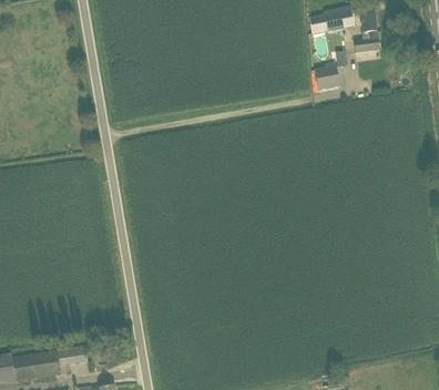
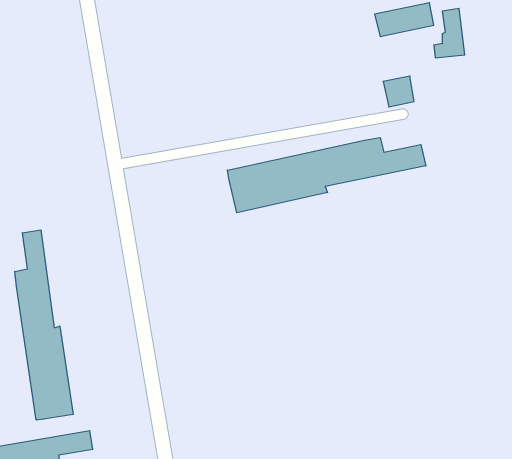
building: none -> [227,138,426,213]
building: none -> [15,230,73,420]

